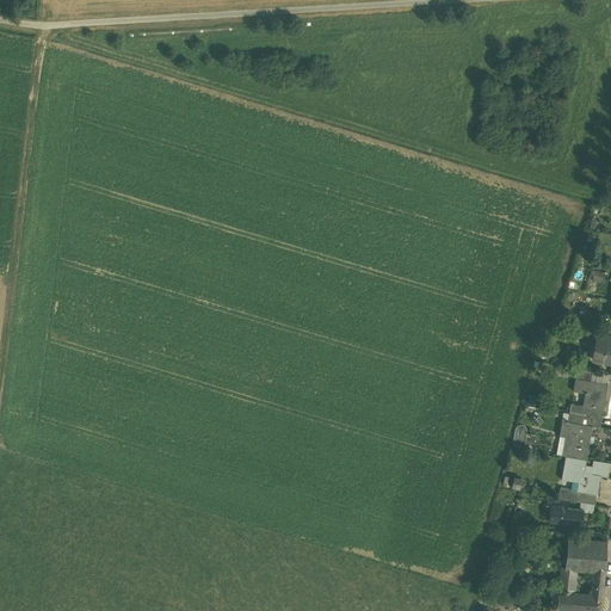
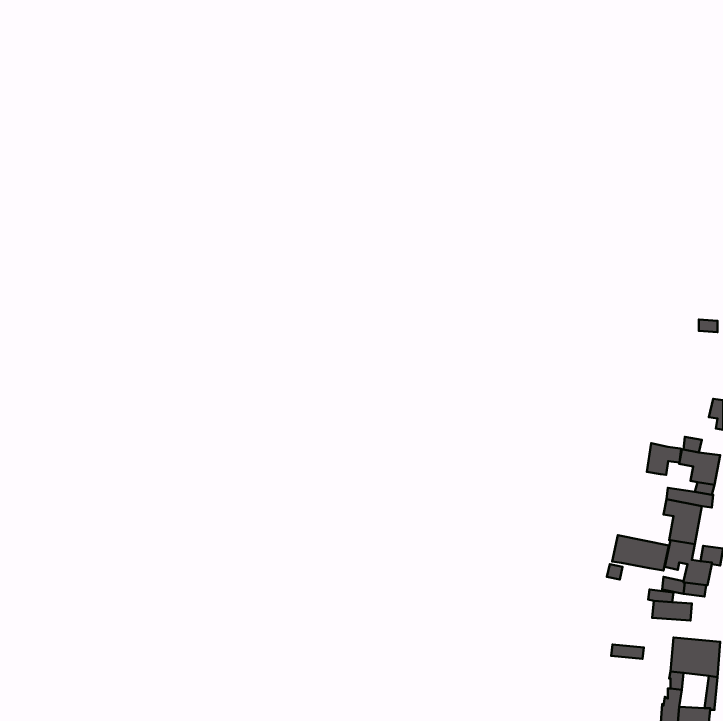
building: none -> [647,443,681,475]
building: none -> [612,535,669,571]

